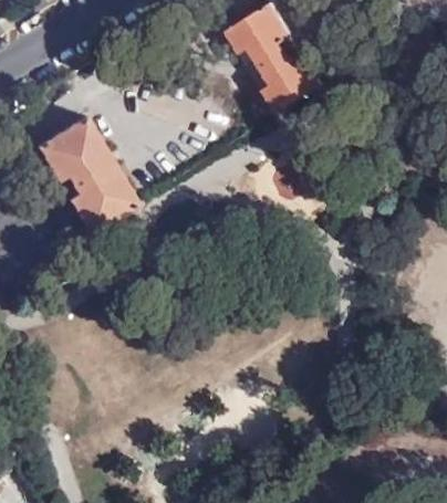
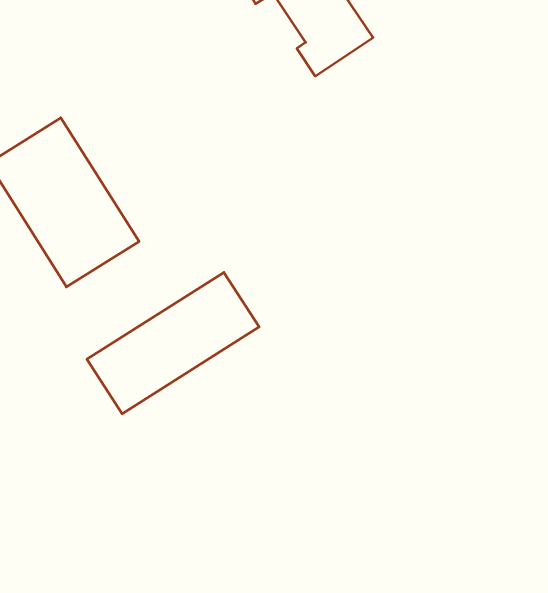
building: none -> [87,272,259,414]

